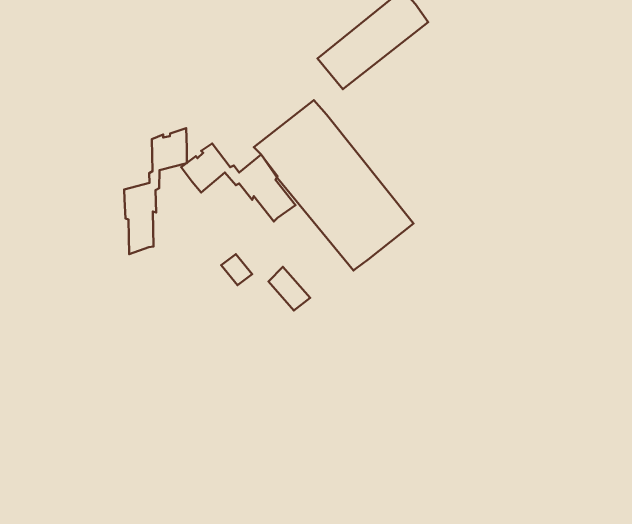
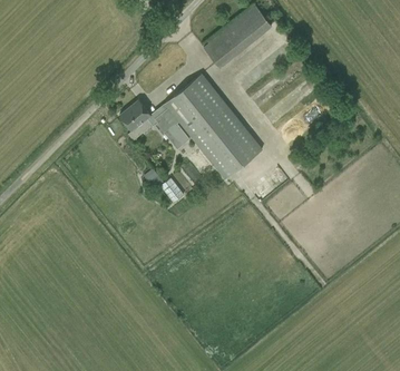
building: [124,128,187,254] -> none

